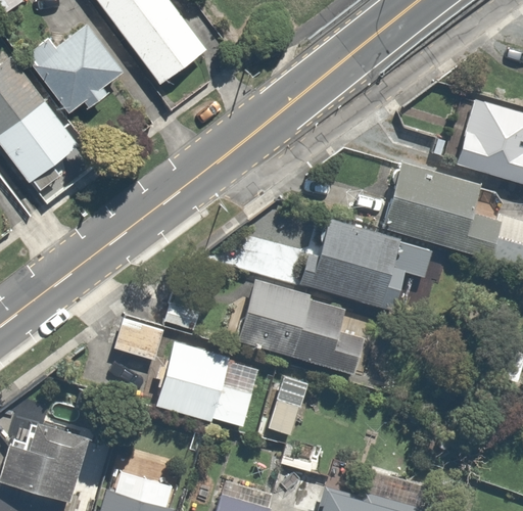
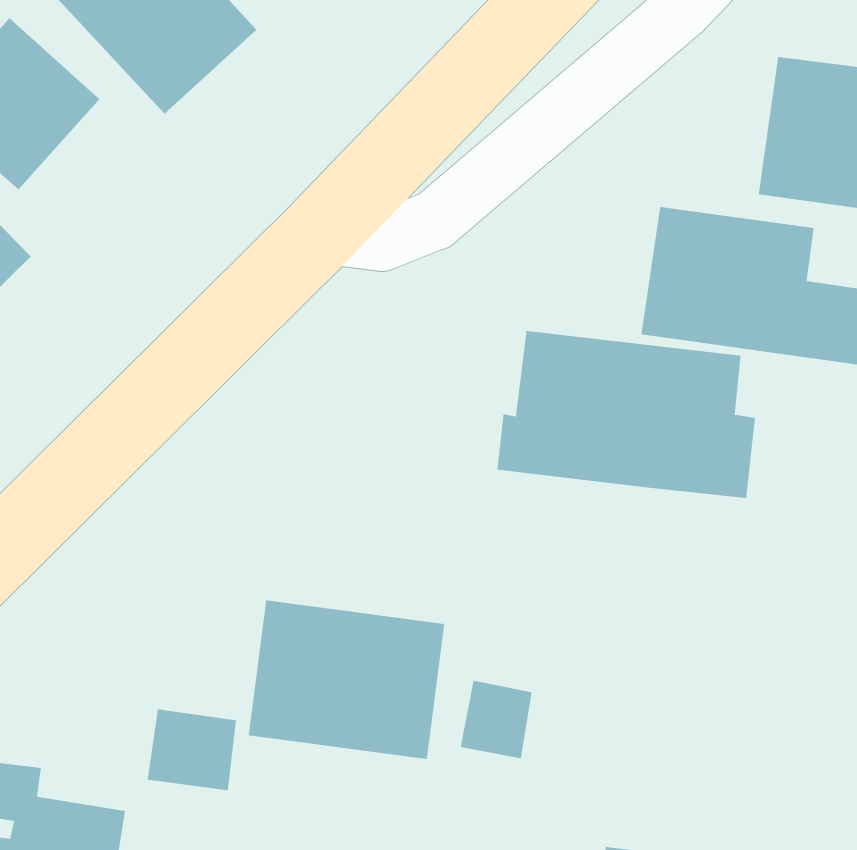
building: [239,277,376,373] -> none
building: [111,316,161,363] -> [147,709,237,791]

